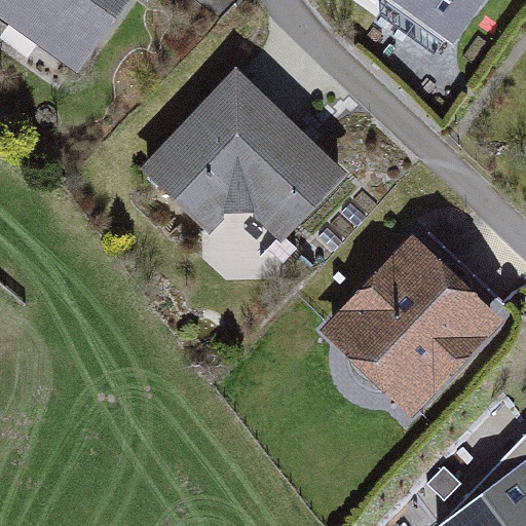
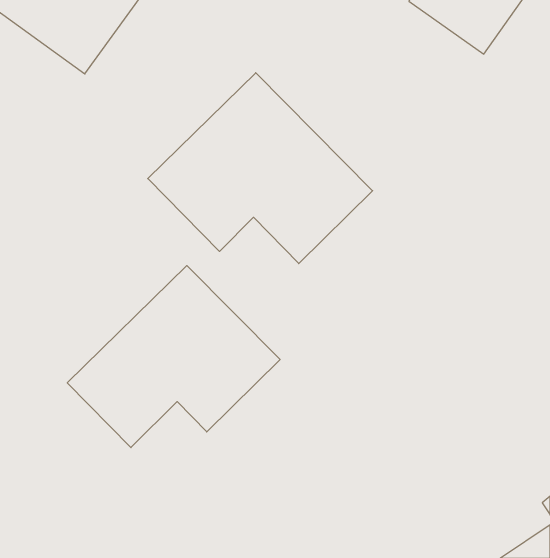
building: [318,234,504,419] -> none
building: none -> [67,266,280,448]

